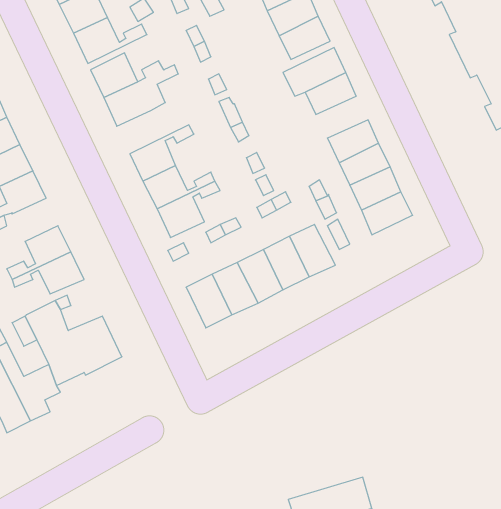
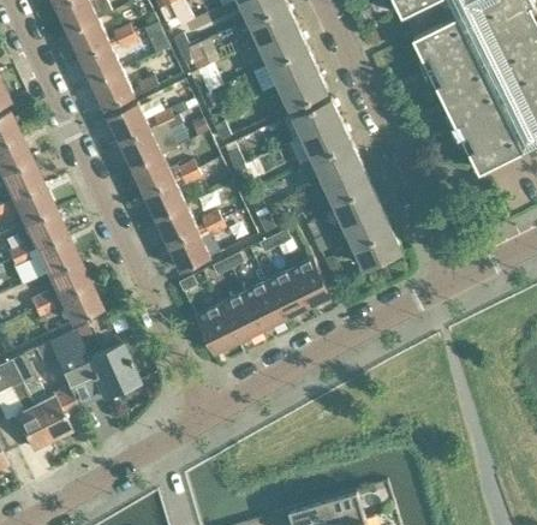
building: none -> [312,142,360,180]
building: none -> [130,155,196,195]
building: none -> [34,235,76,275]

